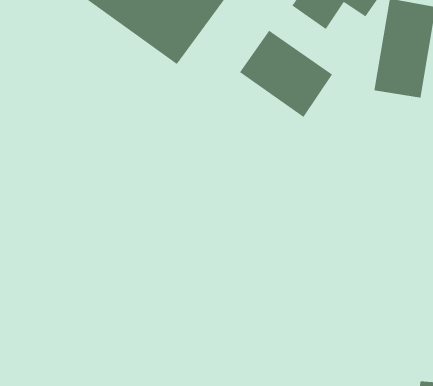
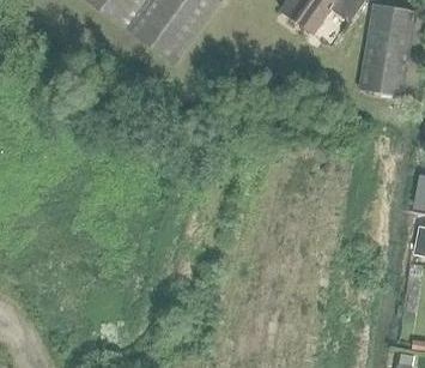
building: [239,30,333,118] -> none

